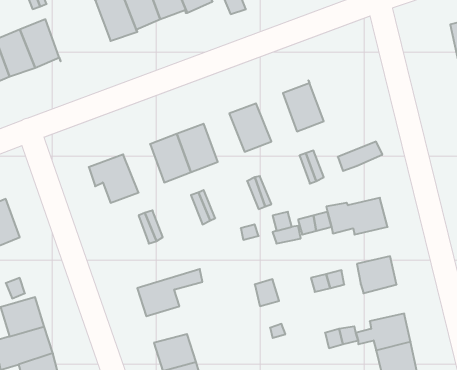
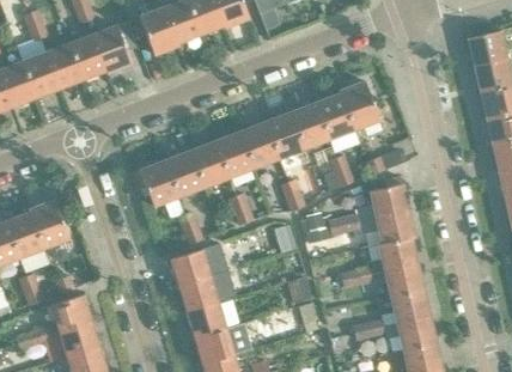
building: none -> [92,25,132,73]
building: none -> [339,81,379,129]
building: none -> [289,103,328,148]
building: none -> [240,122,279,167]
building: none -> [165,151,203,196]
building: none -> [362,176,406,208]
building: none -> [379,228,415,263]
building: none -> [171,249,237,286]
building: none -> [390,282,428,317]
building: none -> [187,303,225,337]

